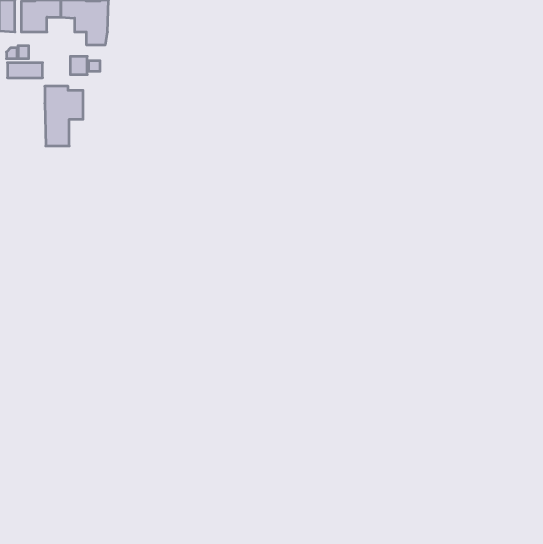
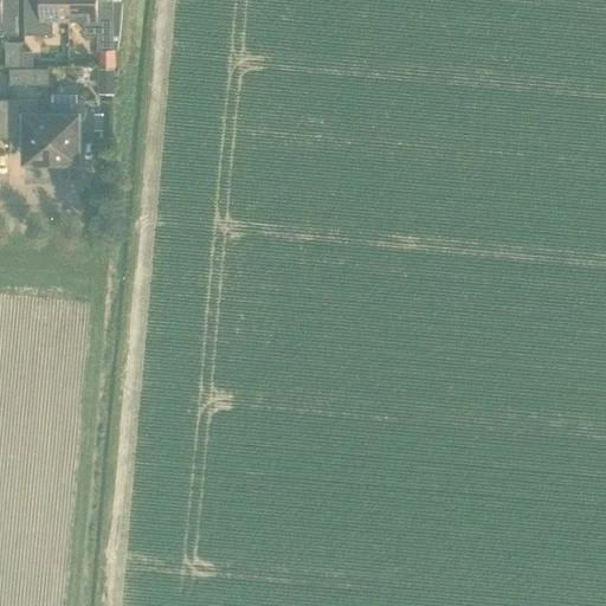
building: none -> [7,101,51,162]

